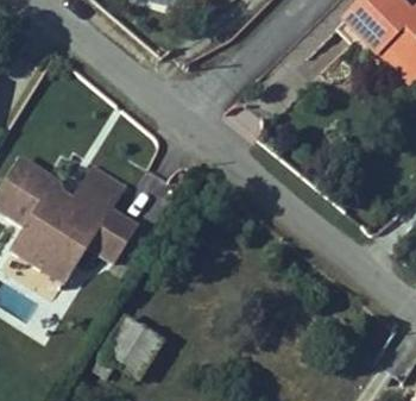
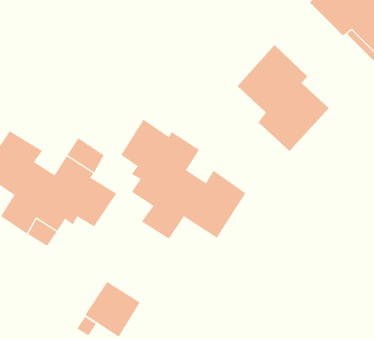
building: none -> [237,44,329,152]
building: none -> [121,119,246,239]

